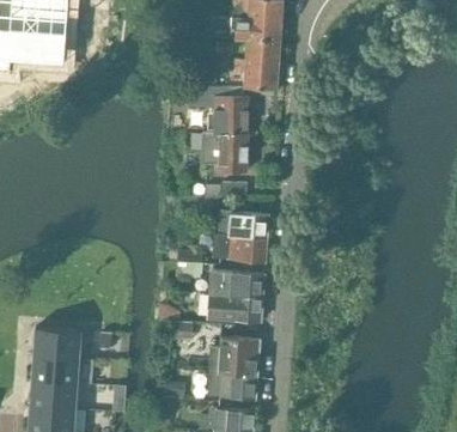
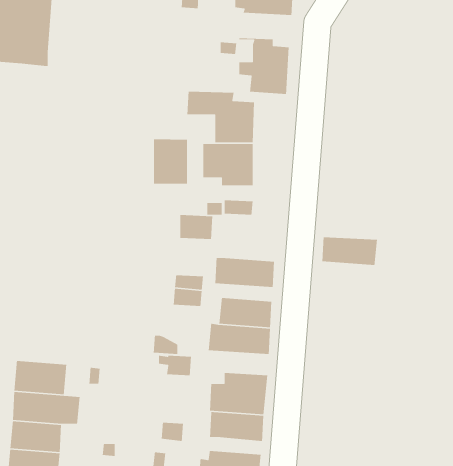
building: [230,18,282,48] -> none
building: none -> [153,138,188,185]
building: [219,213,269,239] -> [322,236,378,266]

